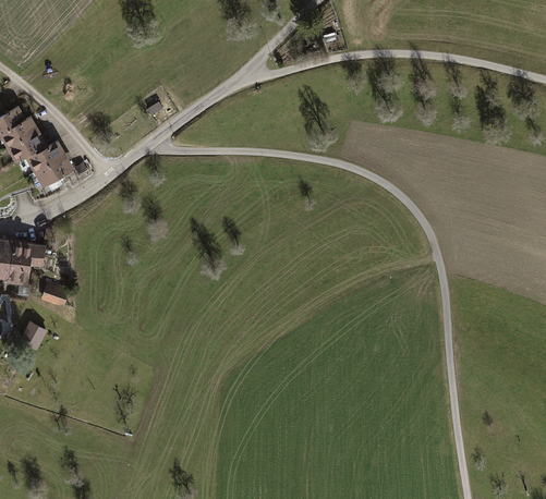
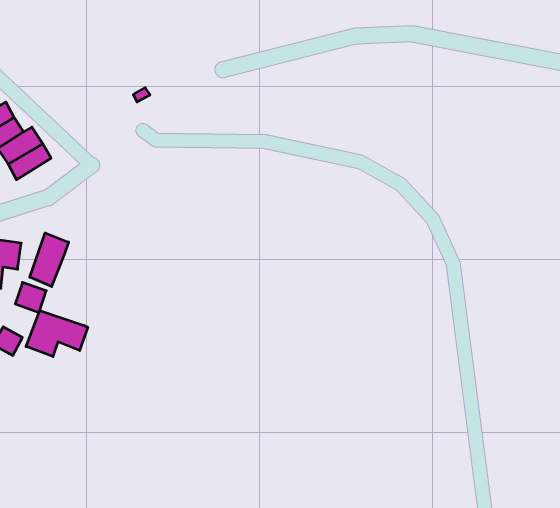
building: none -> [30,233,69,287]
building: none -> [26,310,88,357]

